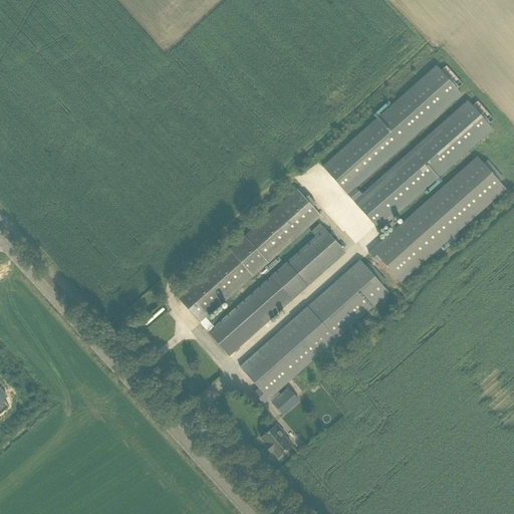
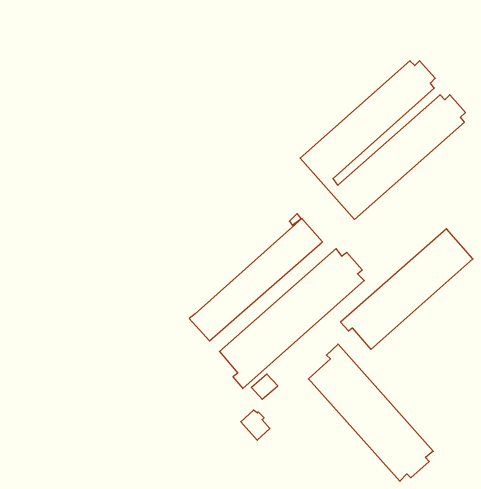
building: [367,155,504,279] -> [341,229,473,349]
building: [176,188,320,330] -> none
building: none -> [308,344,433,481]

